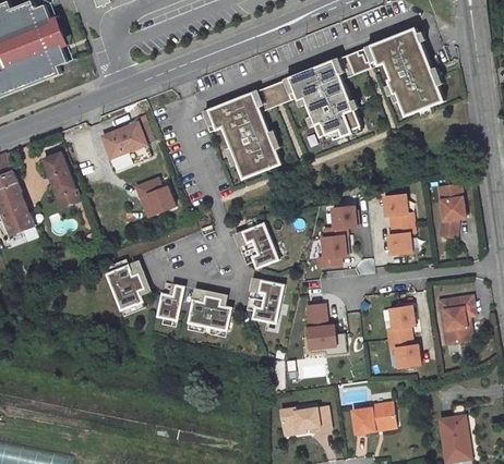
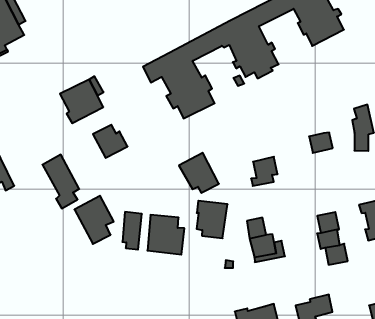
building: [41,148,82,211] -> [42,155,79,208]
building: [382,193,406,215] -> none
building: [329,205,356,229] -> none
building: [386,232,410,254] -> none

